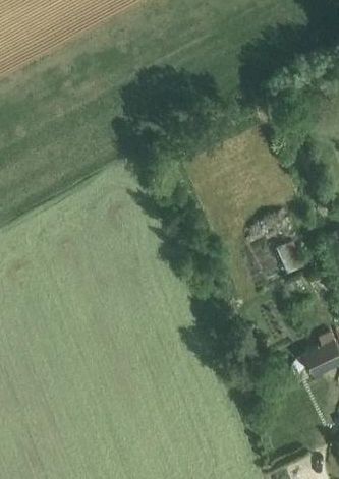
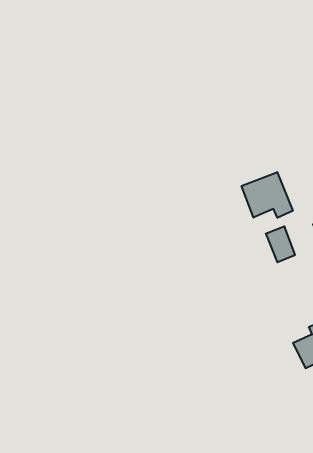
building: none -> [242,172,293,218]

